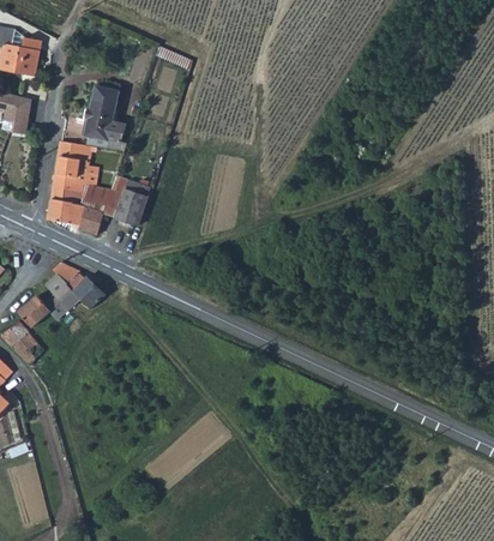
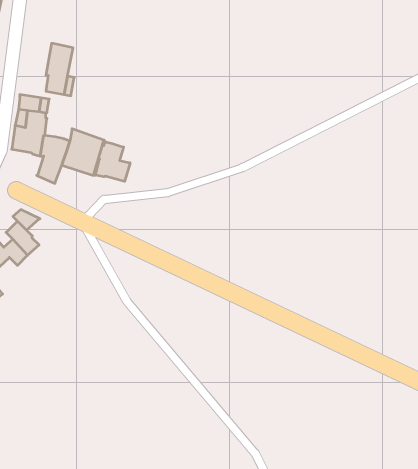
building: none -> [95,142,130,181]
building: [48,198,85,224] -> none
building: [67,271,104,308] -> none

